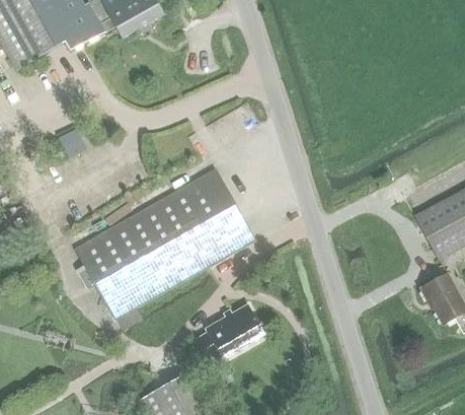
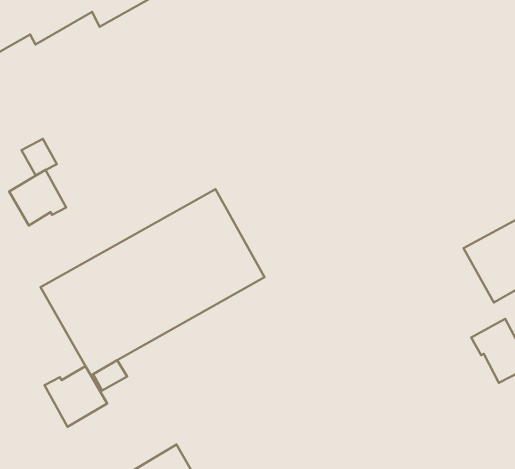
building: none -> [9,170,66,225]
building: [192,303,264,362] -> none
building: none -> [45,366,107,427]

